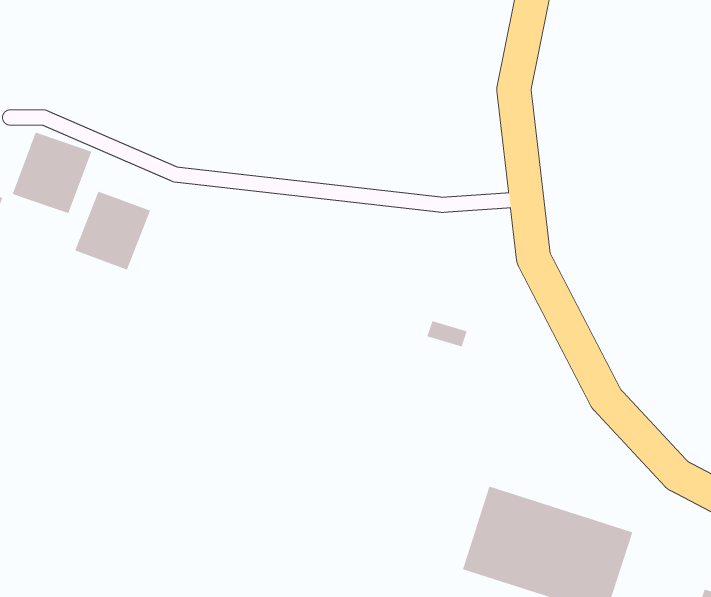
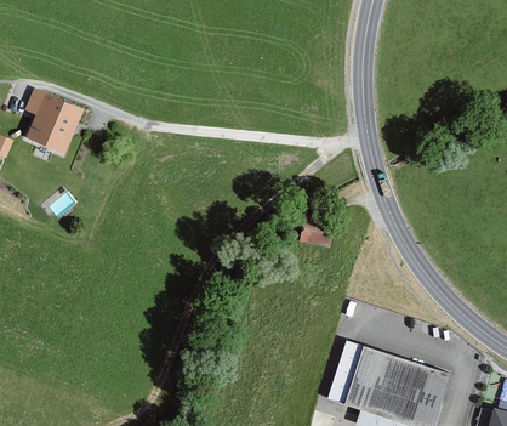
building: [74,191,151,270] -> none

